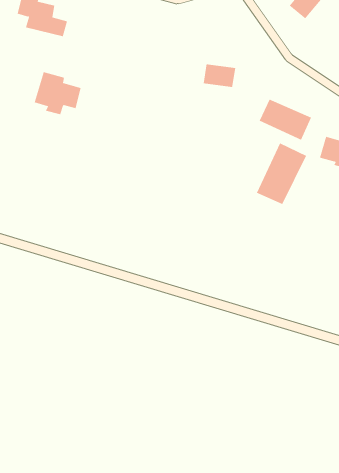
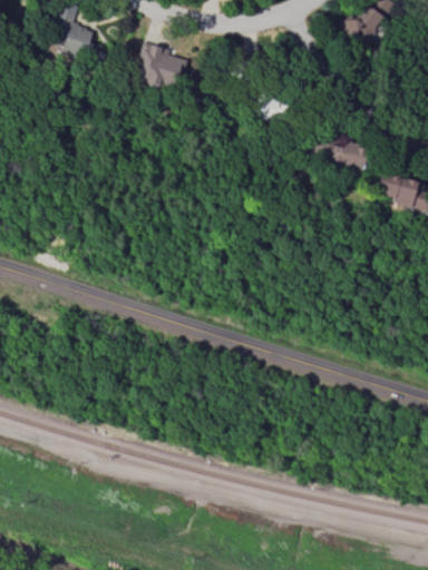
building: [34,71,82,115] -> [137,42,188,89]
building: [256,143,307,205] -> none

